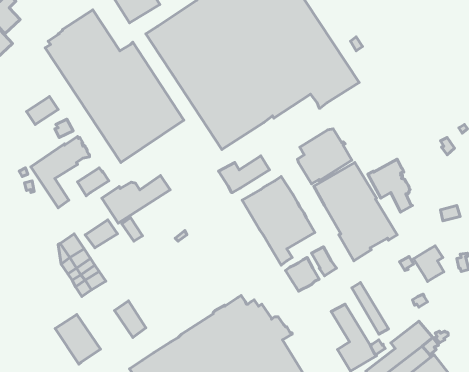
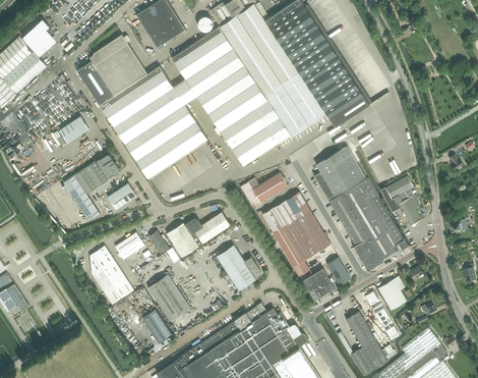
building: [102,176,170,223] -> [167,212,231,257]
building: none -> [217,245,261,290]
building: [414,246,444,281] -> [378,276,407,310]
building: [55,315,101,364] -> [147,274,190,321]

